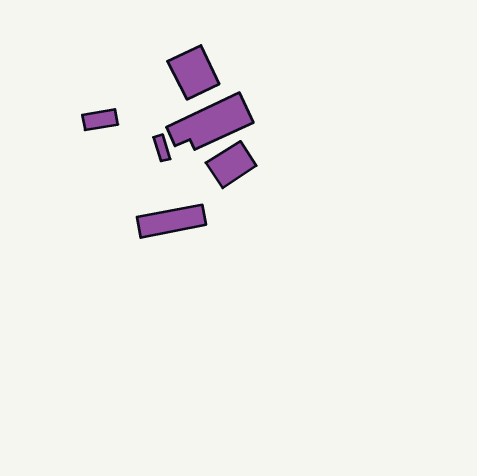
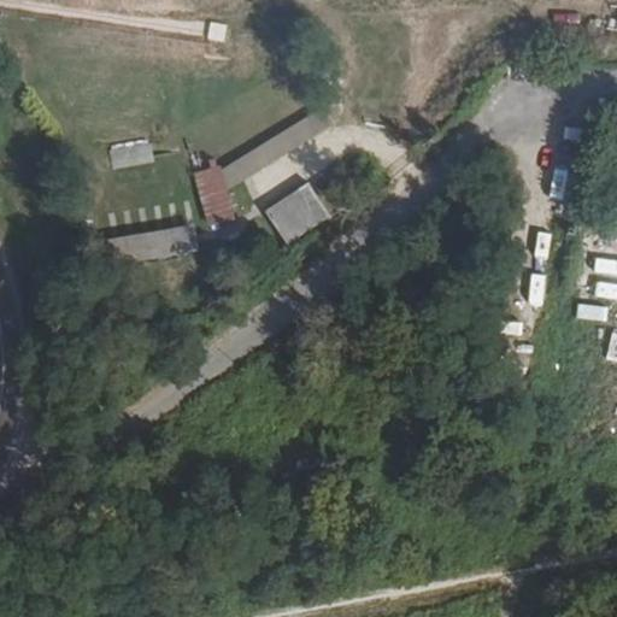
building: [167,45,219,99] -> none
building: [137,205,206,238] -> [105,224,194,266]

